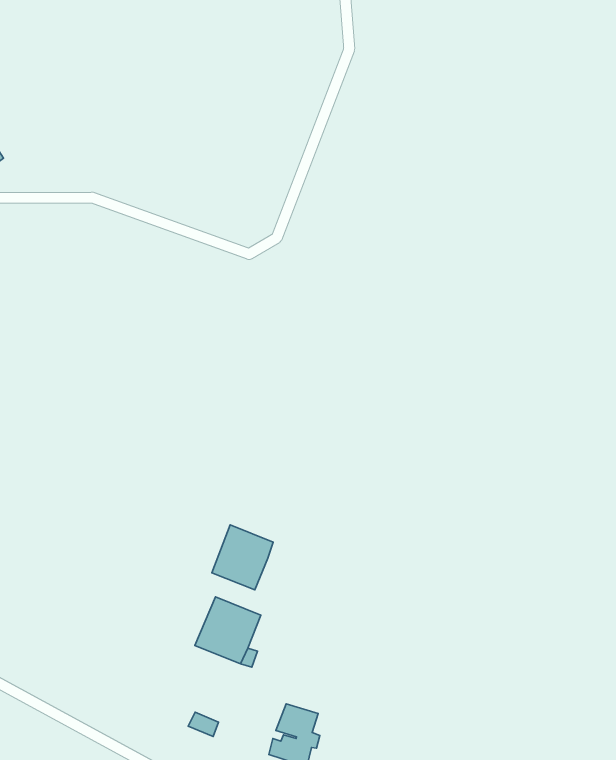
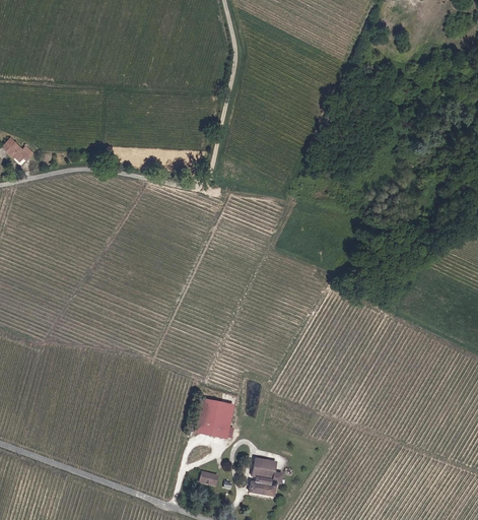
building: [212,525,273,590] -> none

